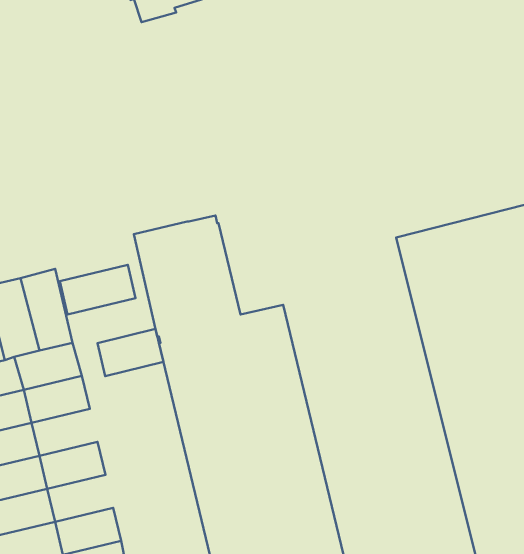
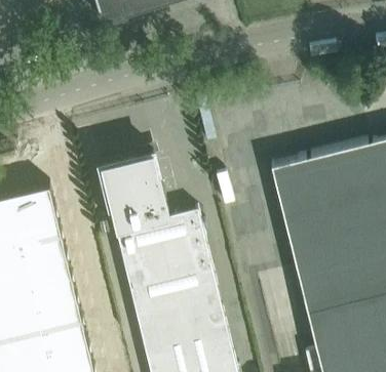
building: [60,265,136,314] -> none
building: [97,329,163,376] -> [33,276,76,306]
building: none -> [43,319,86,349]

